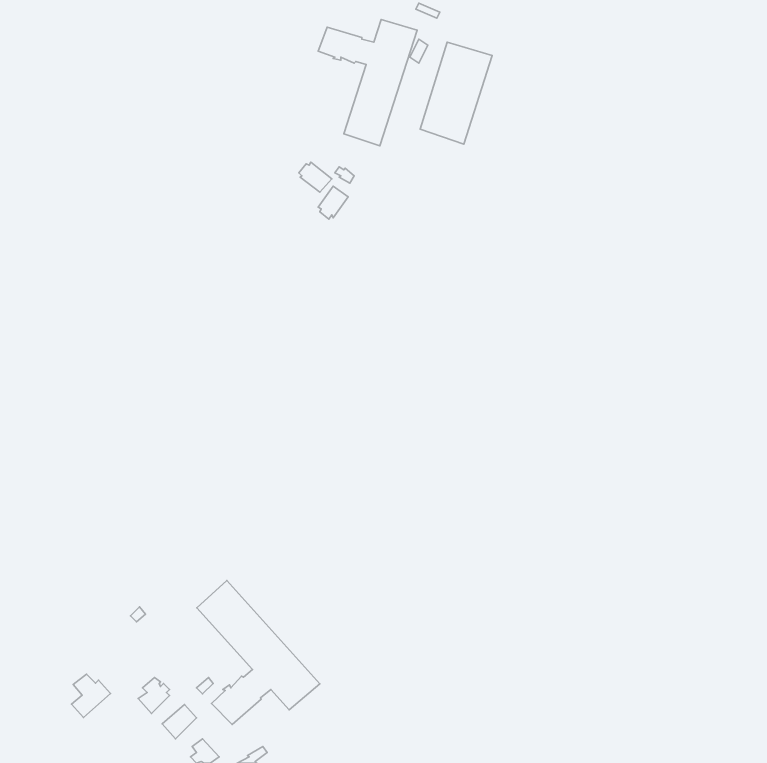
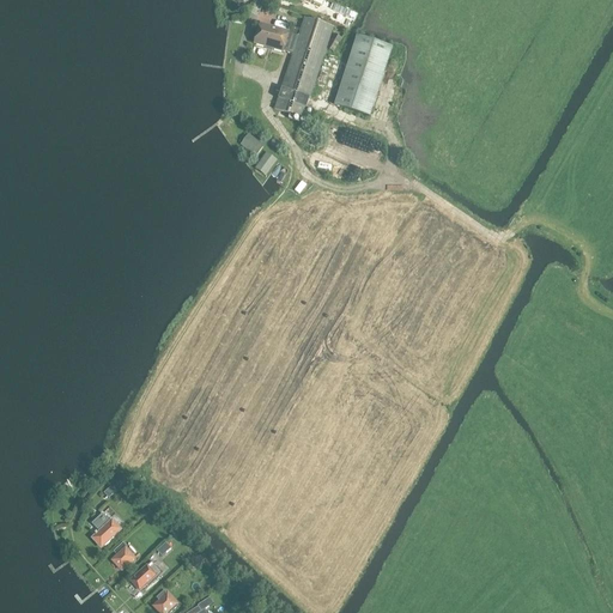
building: [197,581,320,724] -> none
building: [72,674,111,718] -> [91,511,122,546]

